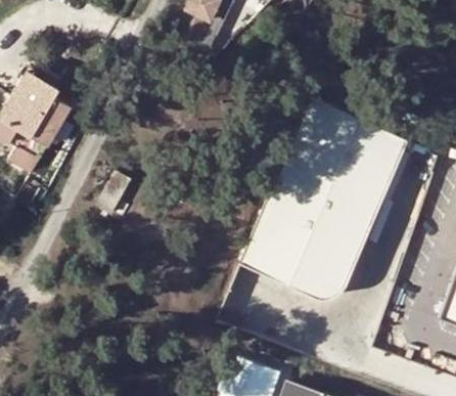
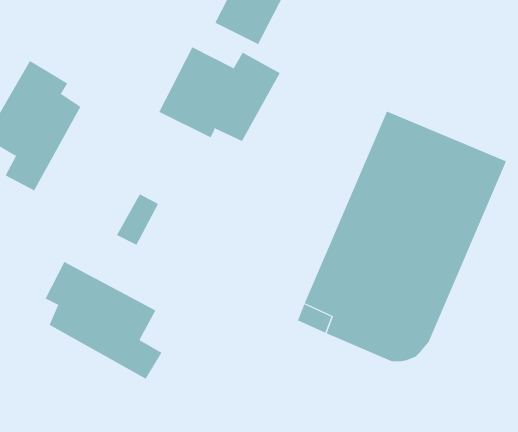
building: none -> [159,46,281,142]
building: none -> [45,261,162,379]

